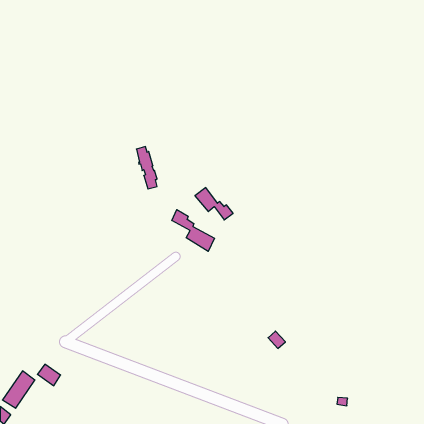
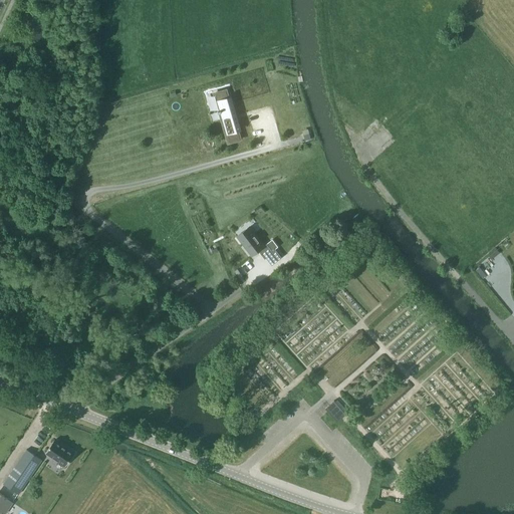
building: [136,147,157,189] -> [215,91,240,143]
building: [172,210,214,251] -> none

